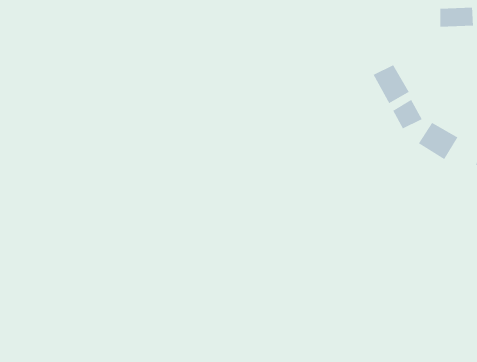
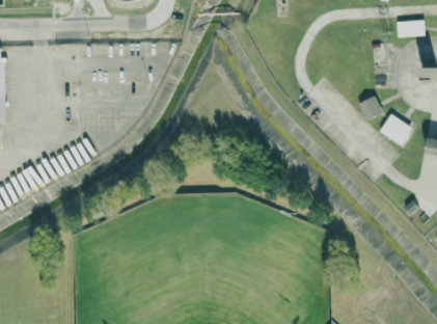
building: [372,64,410,104] -> none

